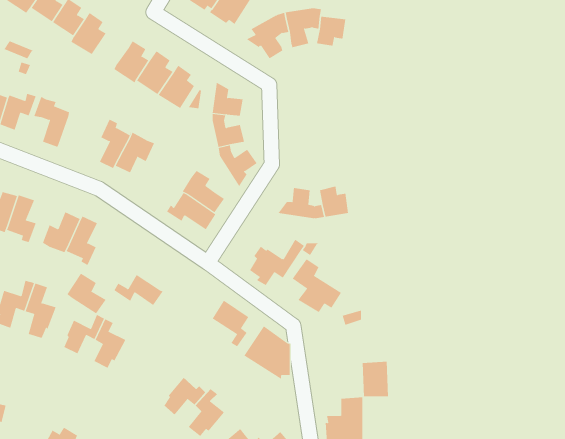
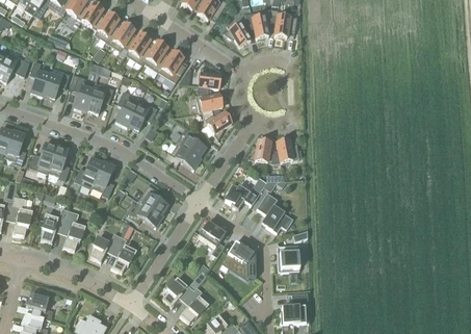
building: none -> [110,22,136,50]
building: none -> [86,82,113,112]
building: [66,273,106,314] -> [138,184,167,214]
building: [362,361,389,397] -> [278,245,297,271]

